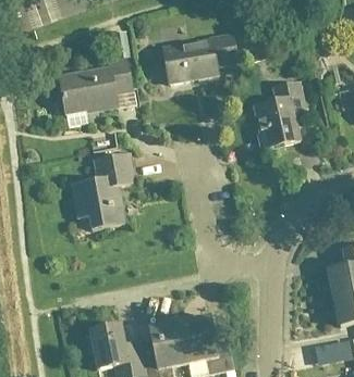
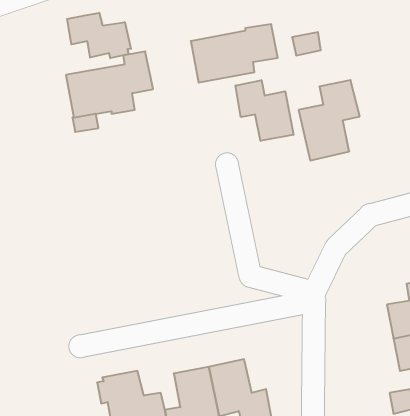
building: none -> [67,13,131,58]
building: none -> [236,80,293,141]
building: [71,151,135,228] -> none

